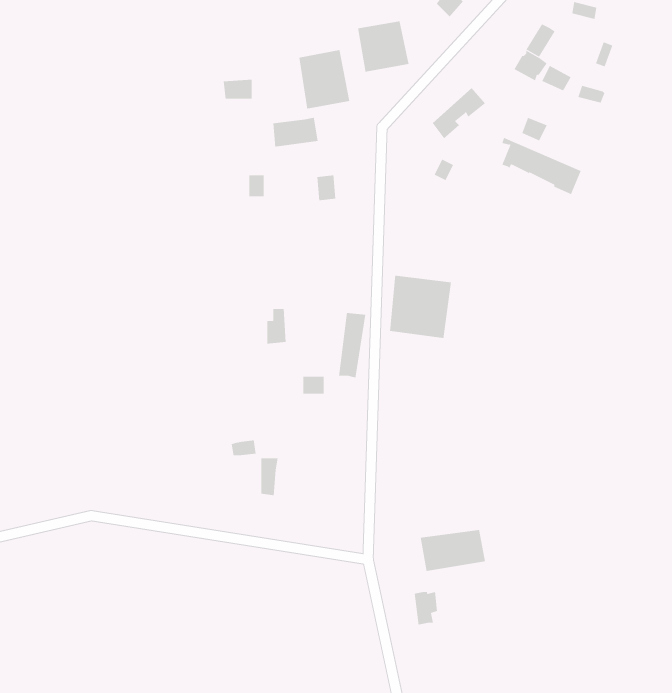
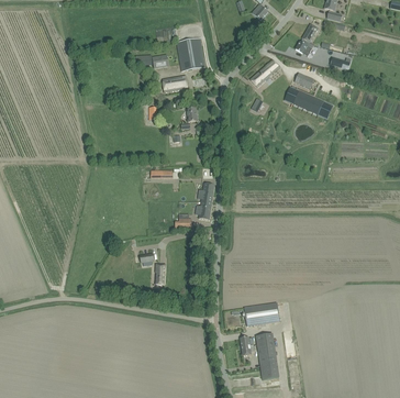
building: [357,20,409,73] -> none
building: [390,275,452,339] -> none
building: none -> [256,332,279,378]

